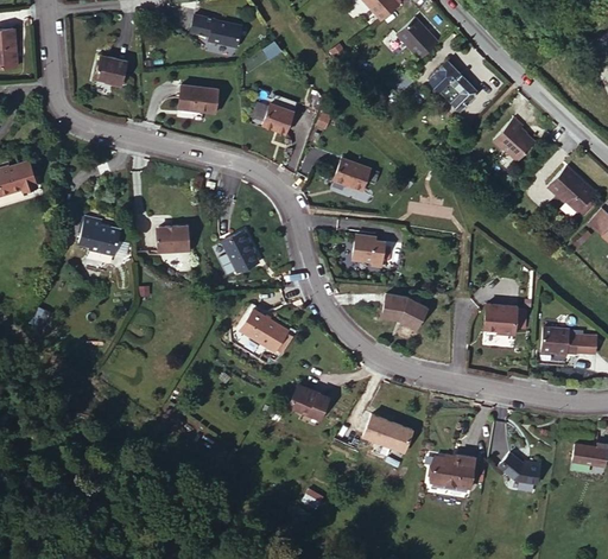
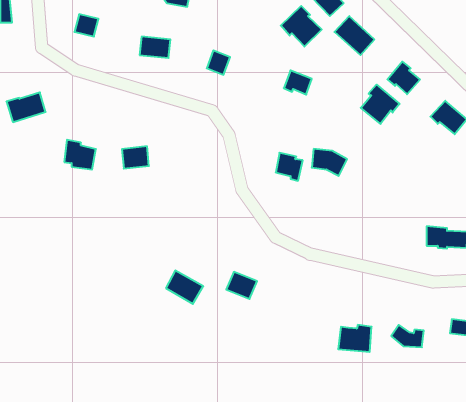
building: none -> [281,6,322,47]
building: none -> [361,85,400,124]
building: [334,158,369,189] -> [284,70,312,95]
building: [222,230,259,273] -> none
building: [384,294,429,329] -> [312,149,347,176]
building: [486,305,519,335] -> none
building: [241,311,289,354] -> [166,270,203,304]
building: [362,415,412,452] -> none

